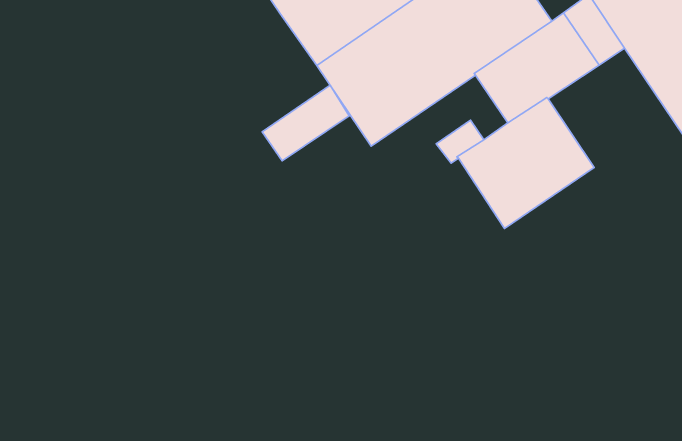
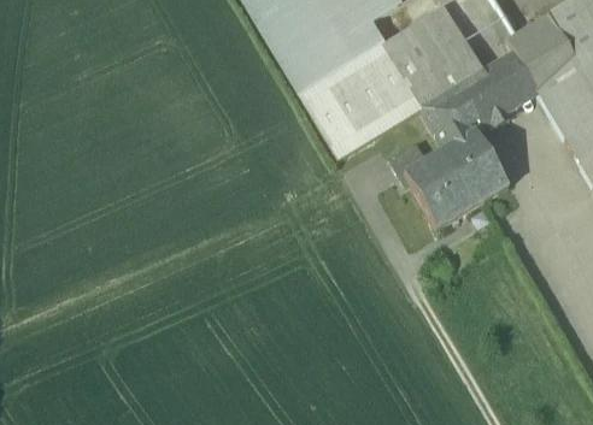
building: [262,85,349,161] -> none

